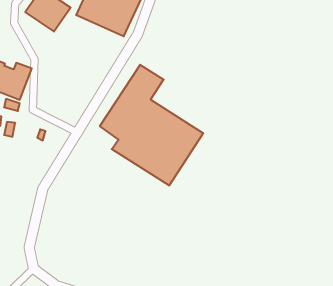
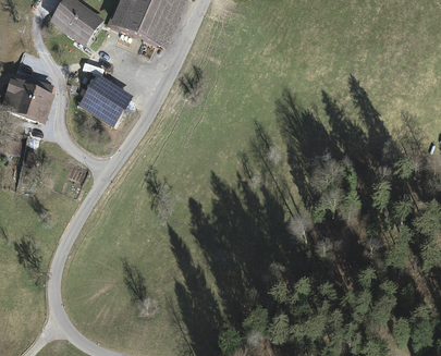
building: none -> [77,72,133,125]
building: [100,65,203,186] -> none

